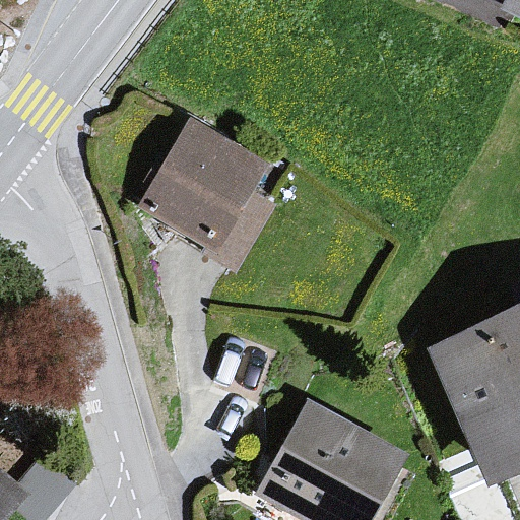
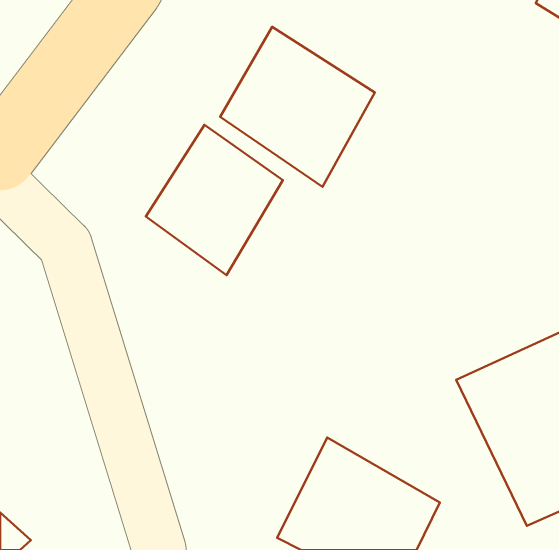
building: none -> [220,27,375,187]

